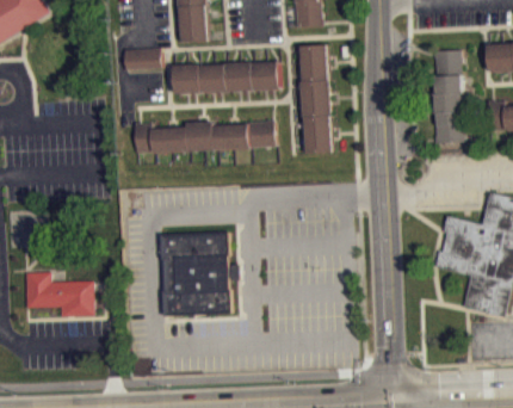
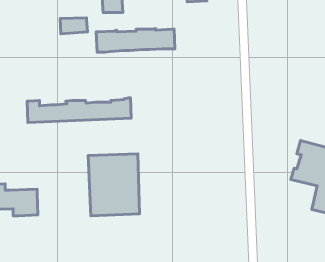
building: [299,45,332,152] -> none
building: [431,50,462,144] -> none
building: [134,119,274,153] -> [27,98,131,123]

